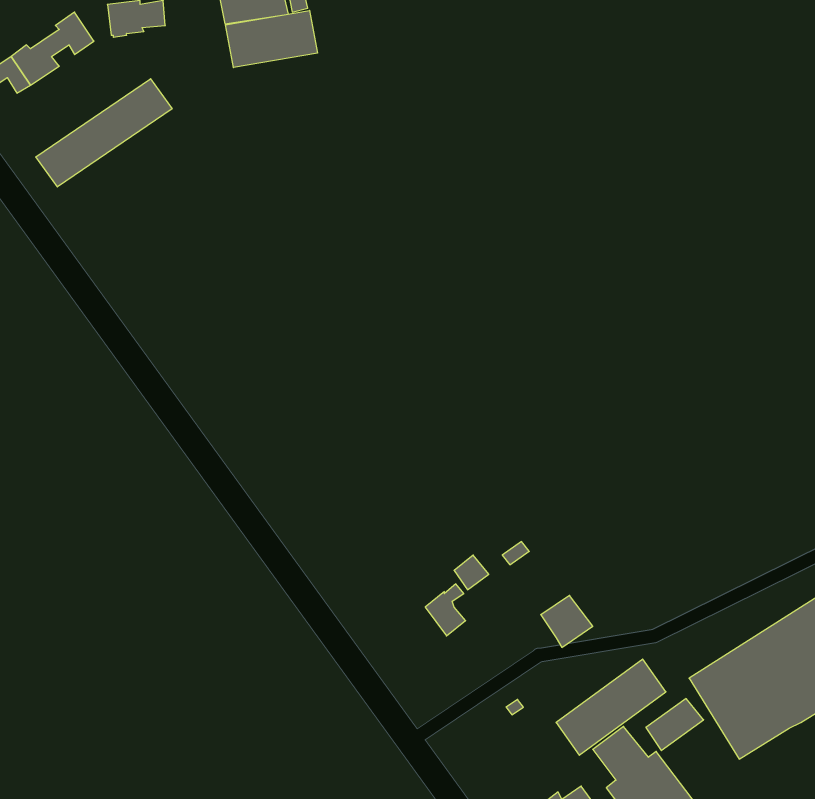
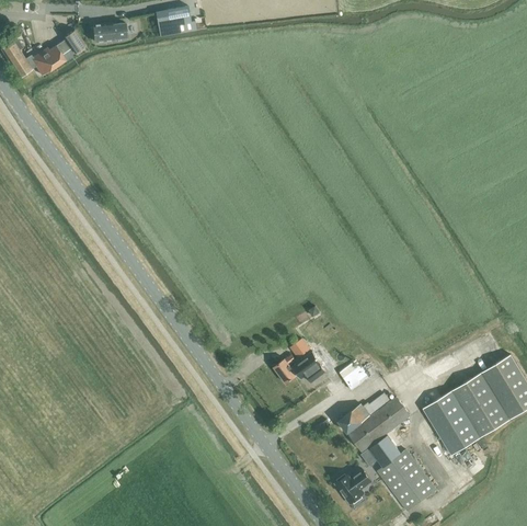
building: [225,10,317,68] -> none
building: [36,79,172,187] -> none
building: none -> [289,353,325,382]
building: [646,699,704,751] -> [337,404,370,434]

